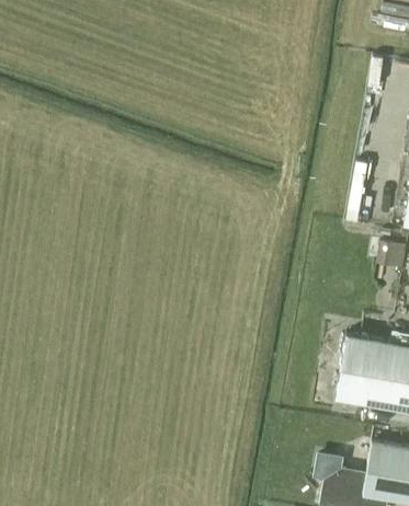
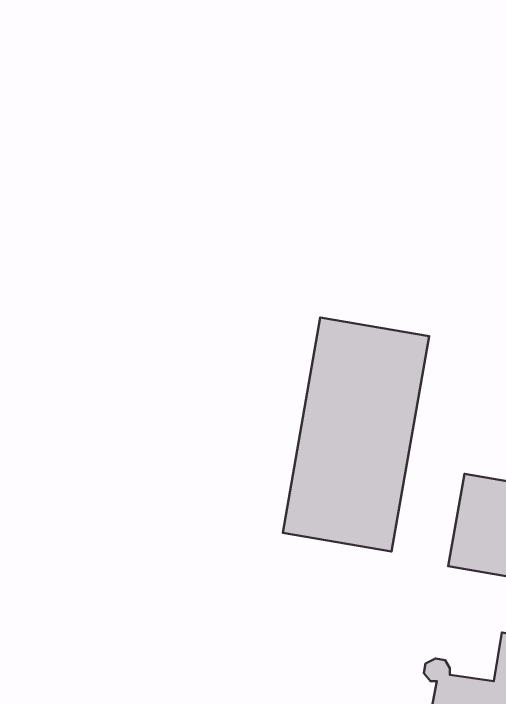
building: none -> [283,317,429,552]

